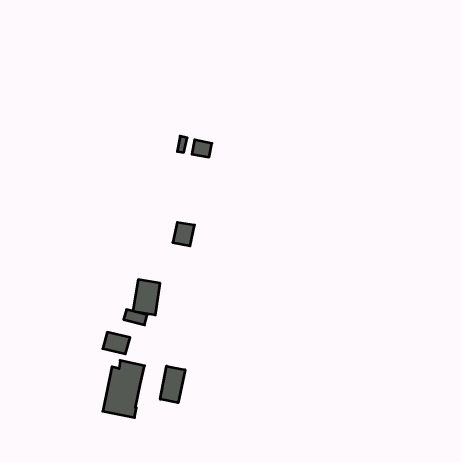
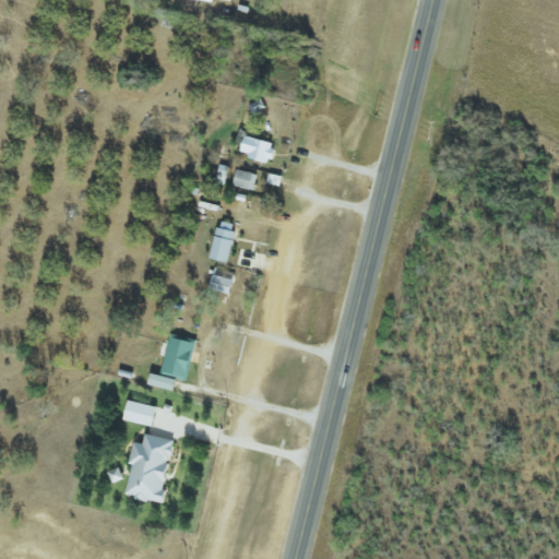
building: none -> [239,134,274,162]
building: none -> [210,222,235,261]
building: [160,366,185,403] -> none

